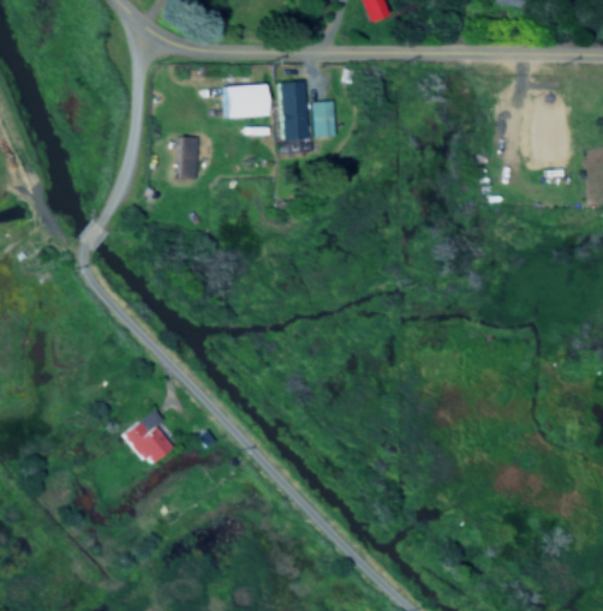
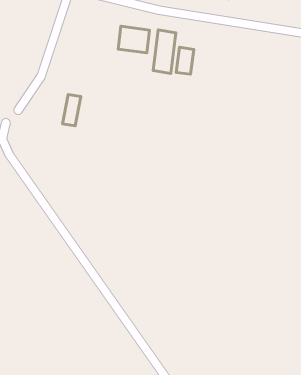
building: [177,137,196,179] -> [63,95,81,126]
building: [123,414,172,466] -> none

